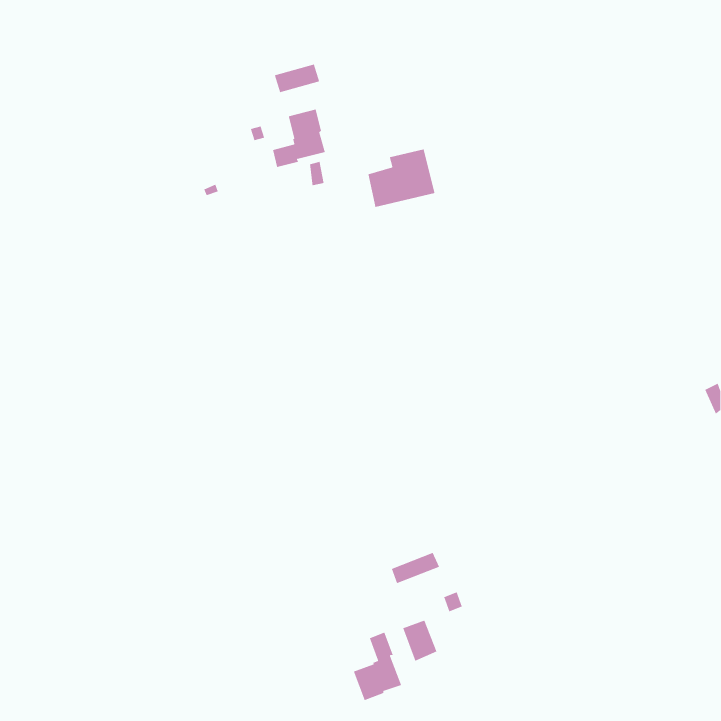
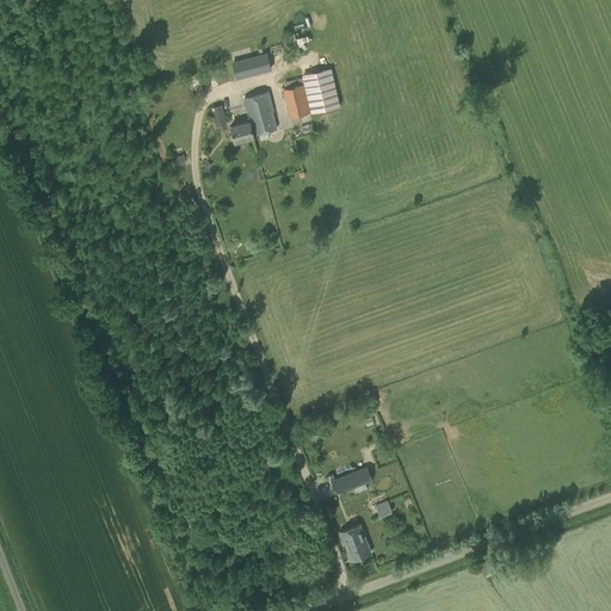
building: [368,148,435,208] -> [283,68,340,118]
building: [353,632,402,701] -> none

